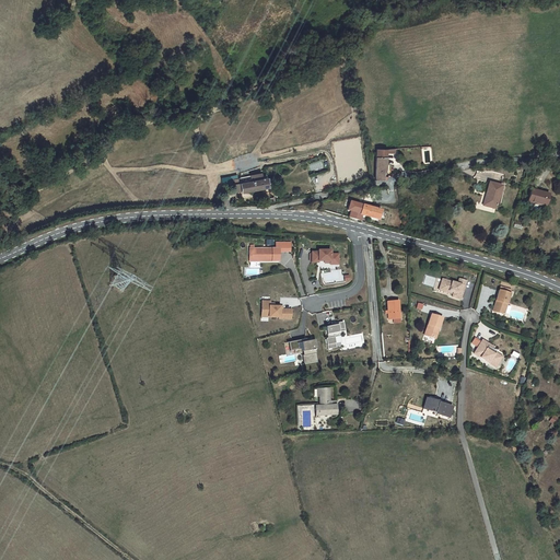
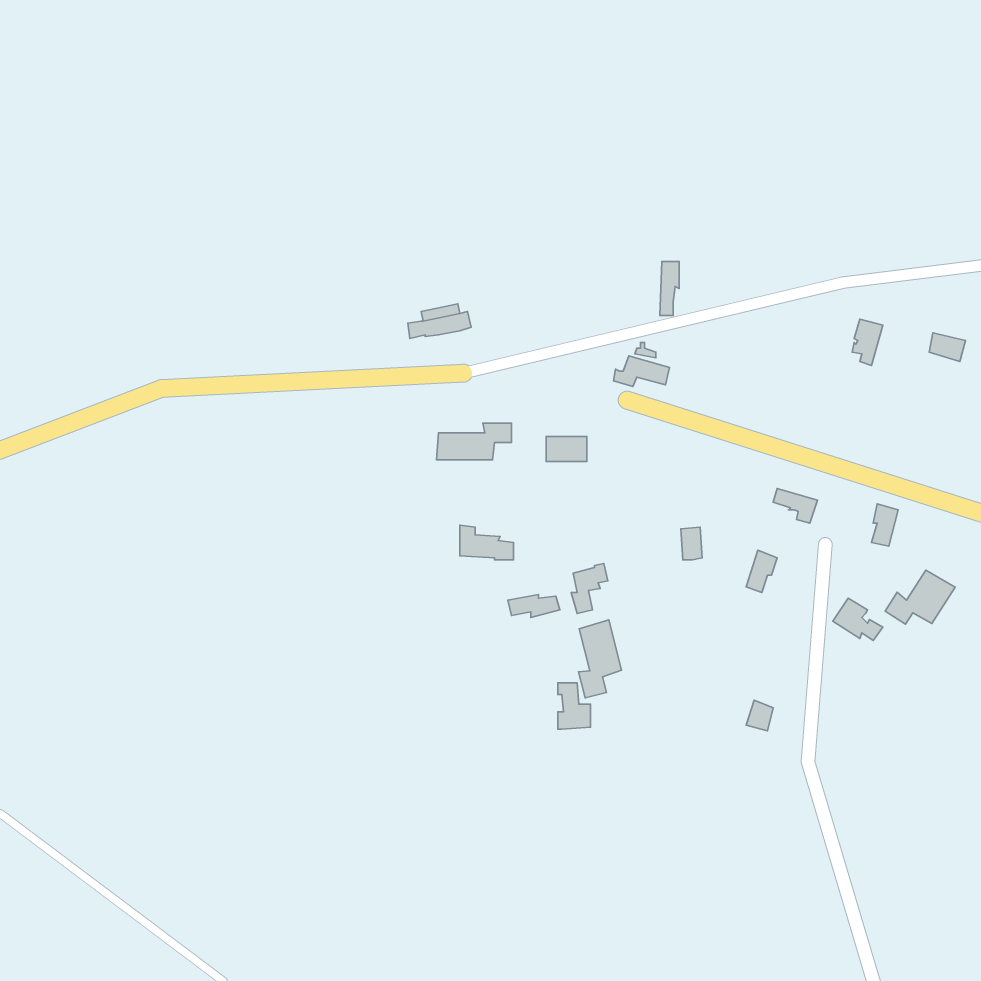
building: none -> [885,570,955,624]
building: none -> [579,620,621,698]

